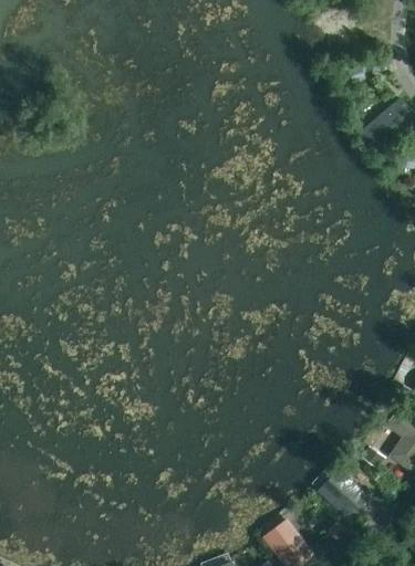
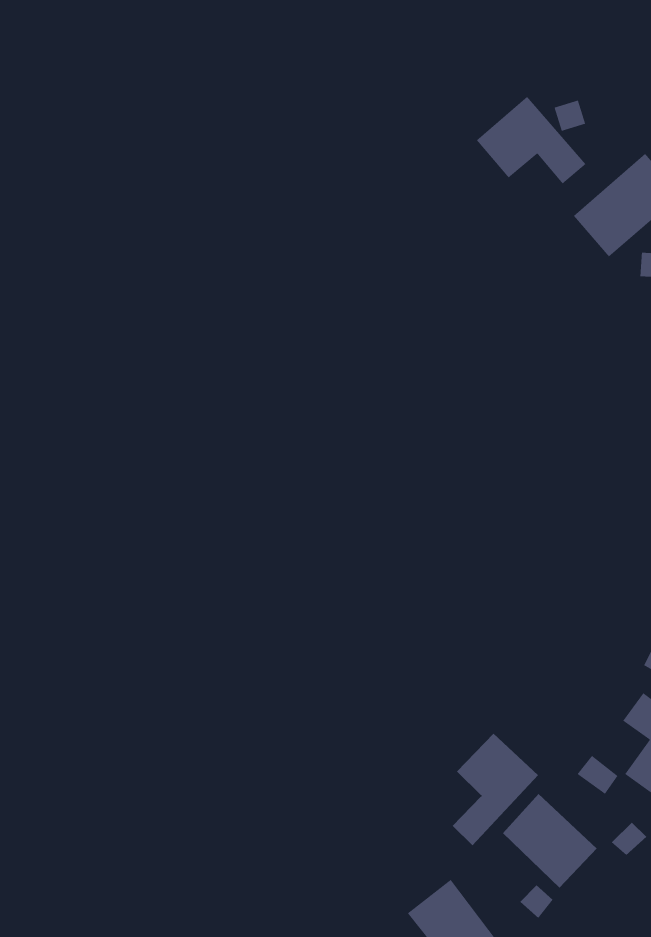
building: none -> [476,96,586,184]
building: none -> [452,733,539,846]

